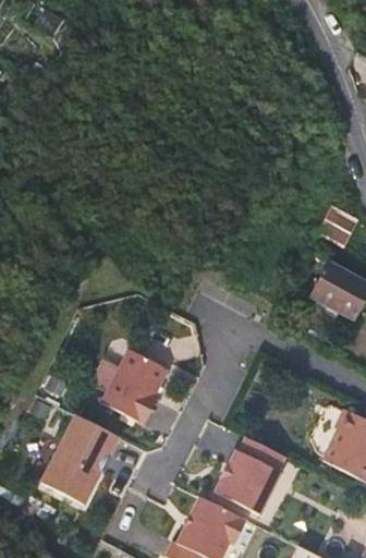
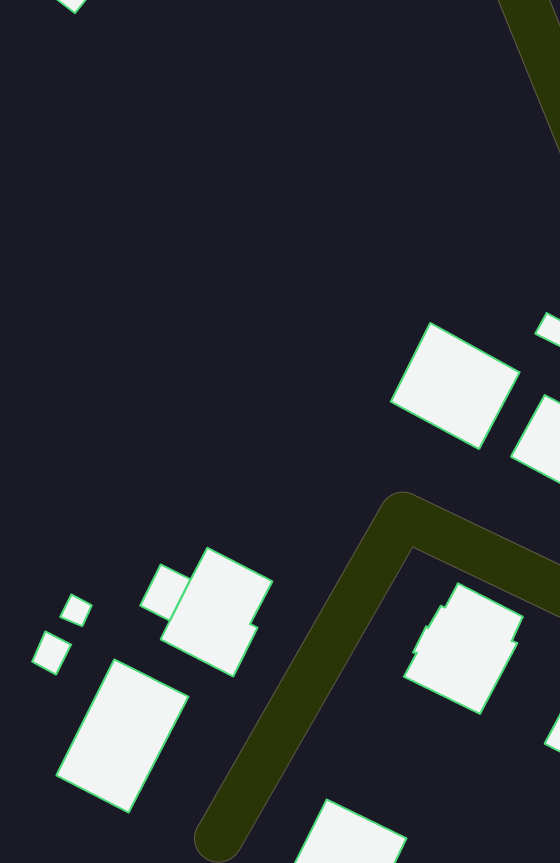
building: none -> [391,323,520,449]
building: [215,437,284,513] -> [404,583,523,714]

